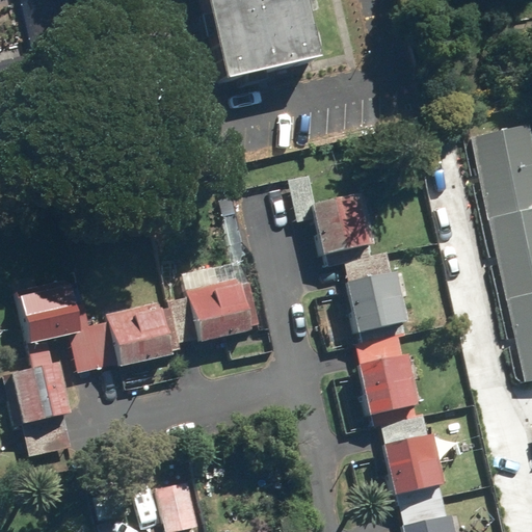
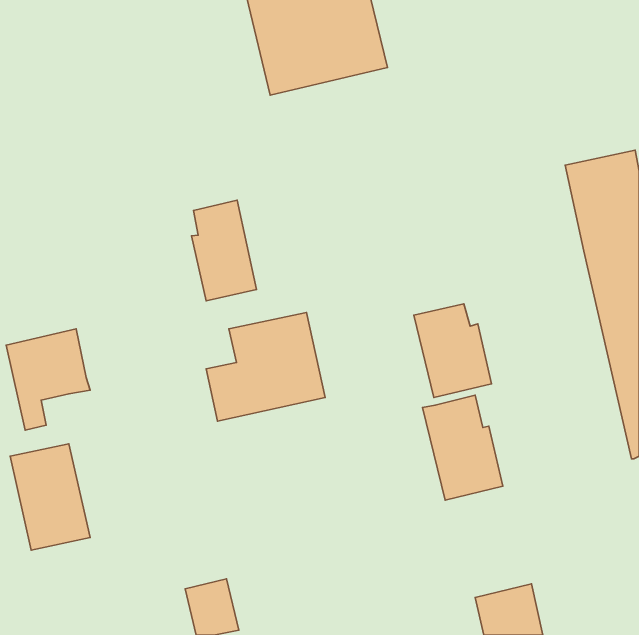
building: none -> [191,200,257,301]
building: [311,191,374,257] -> none
building: [69,305,172,372] -> none
building: [376,406,442,497] -> none

